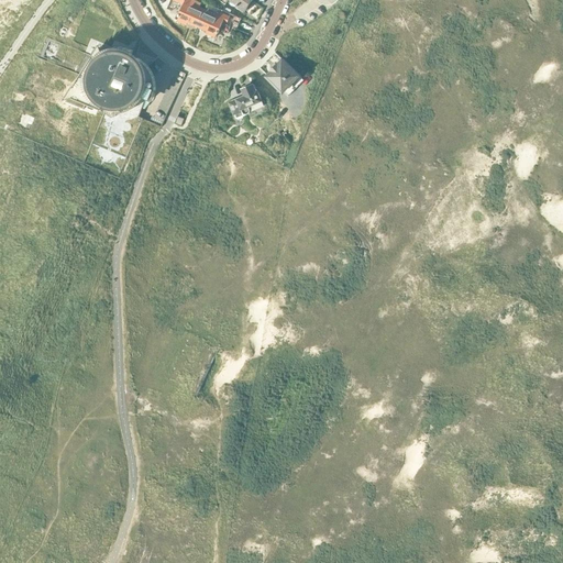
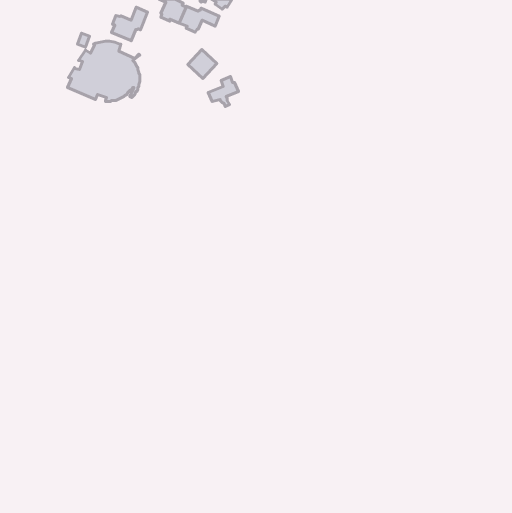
building: none -> [111,7,147,41]
building: [266,58,298,90] -> [188,49,217,79]

